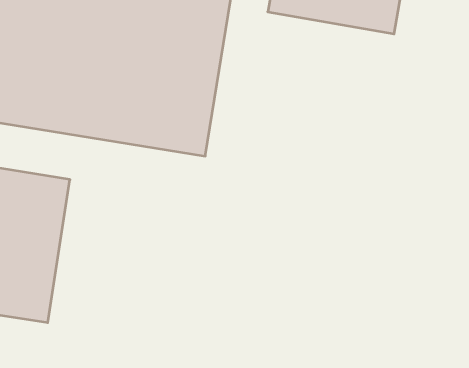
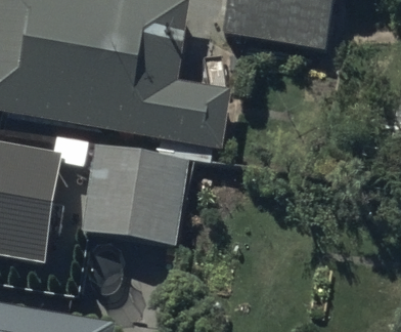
building: none -> [82,147,183,243]

